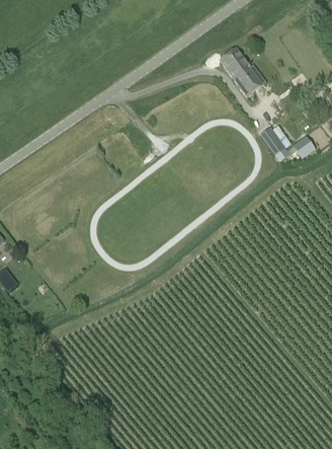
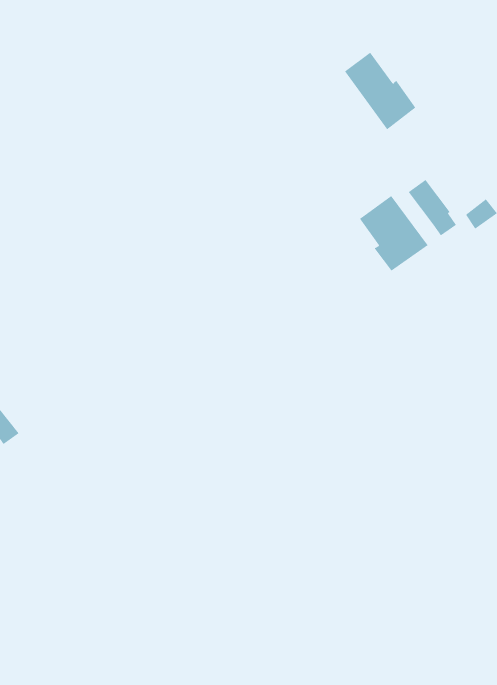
building: none -> [359,195,428,271]

